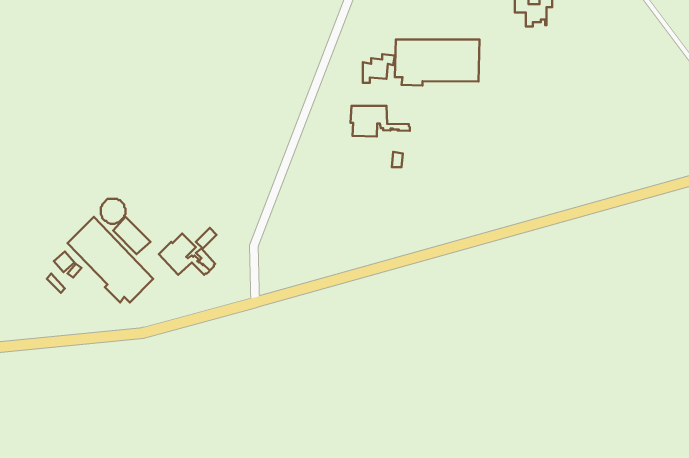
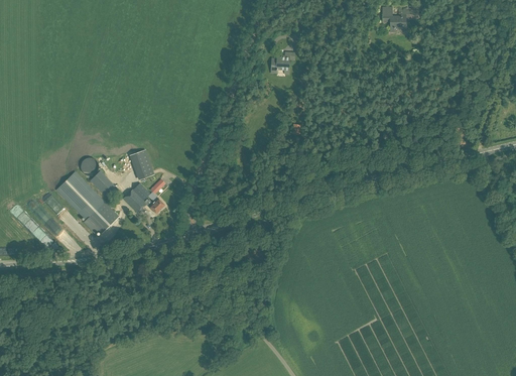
building: [395,40,479,85] -> none
building: [351,106,410,137] -> none
building: none -> [129,149,154,179]

